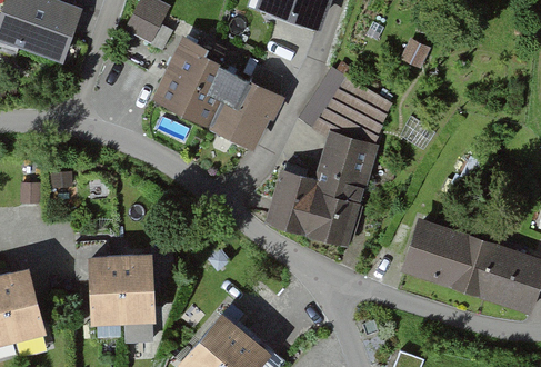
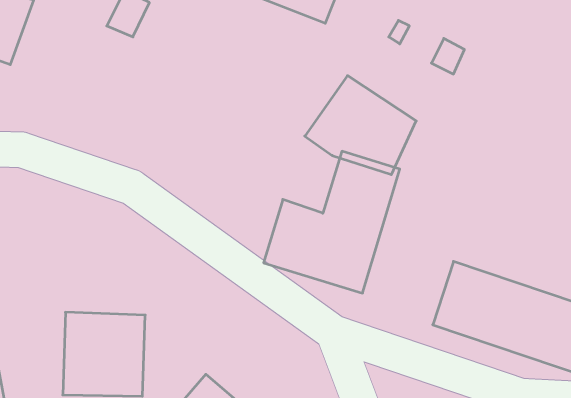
building: [162,44,285,151] -> none

